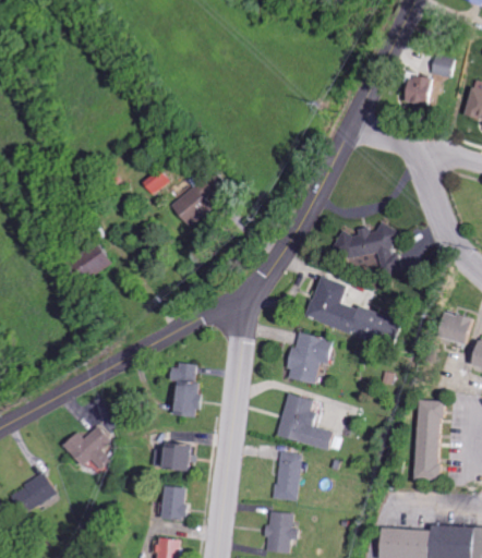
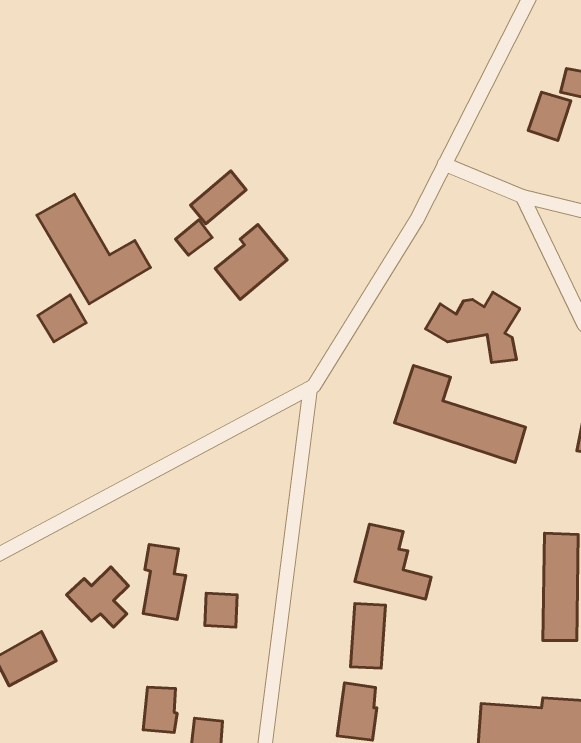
building: none -> [191,171,246,224]
building: none -> [37,194,150,304]
building: [77,243,113,278] -> [38,295,86,342]
building: [287,332,334,384] -> none
building: [170,362,202,417] -> [143,545,186,620]
building: [161,486,186,520] -> [143,687,177,733]

